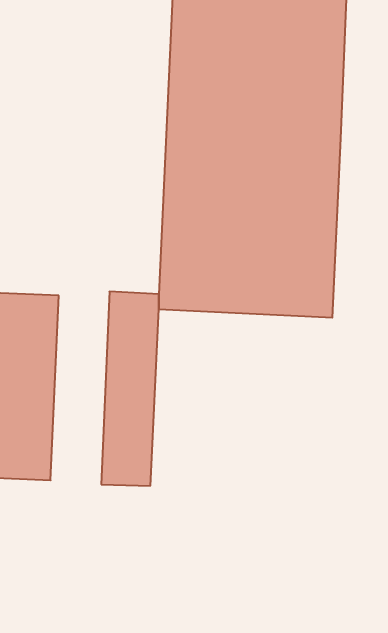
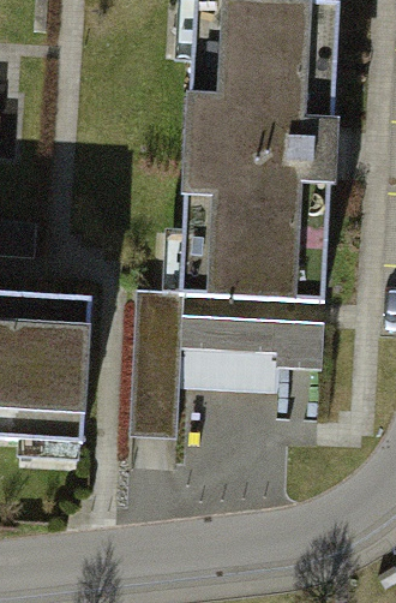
building: none -> [208,304,323,372]

